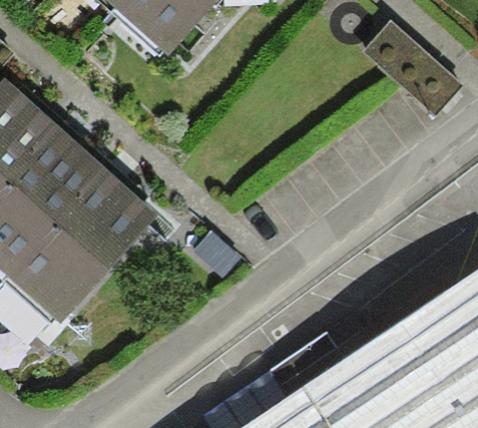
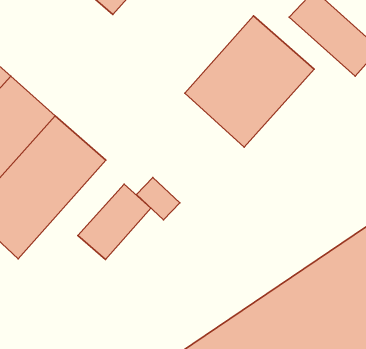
building: none -> [185,16,314,147]
building: none -> [78,184,151,259]

